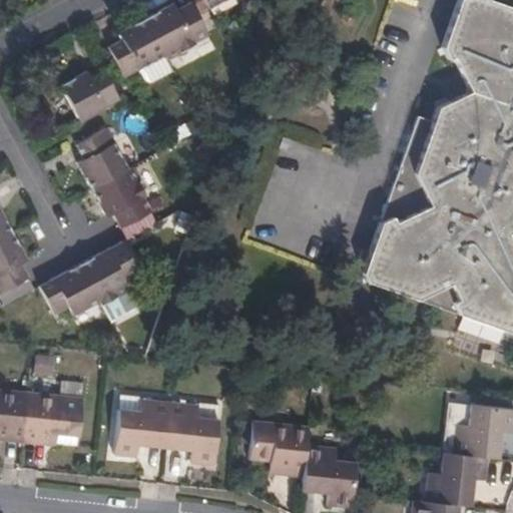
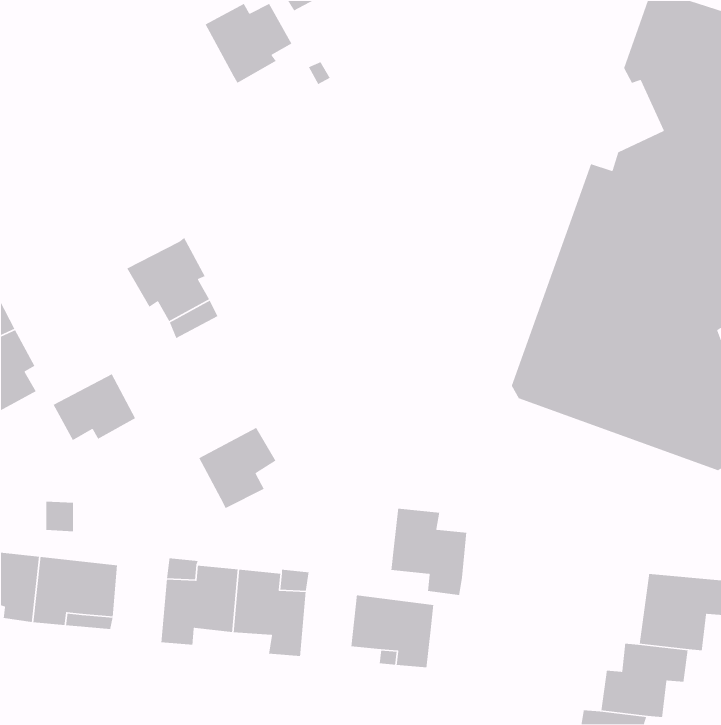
building: [109,17,167,77] -> none
building: [63,71,121,121] -> none
building: [76,128,129,189] -> none
building: [82,241,137,300] -> [198,427,276,509]
building: [303,445,357,507] -> [390,508,467,596]

